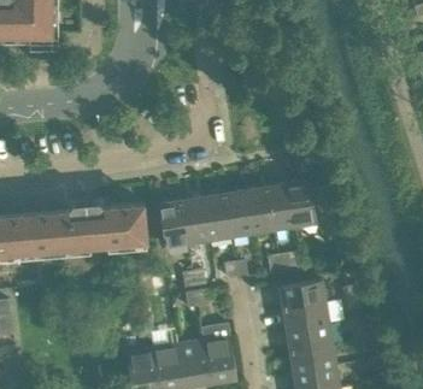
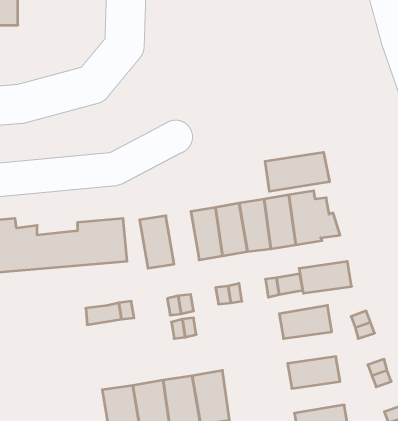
building: none -> [265,152,329,191]
building: [181,199,210,244] -> none
building: [283,303,329,331] -> [299,261,352,293]
building: [290,347,336,375] -> none

